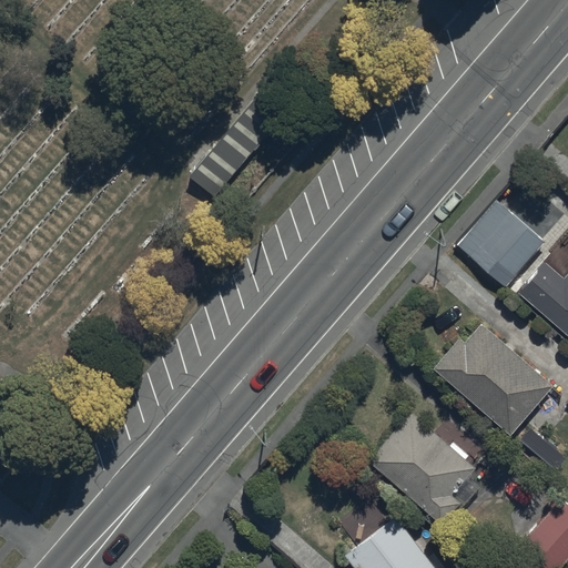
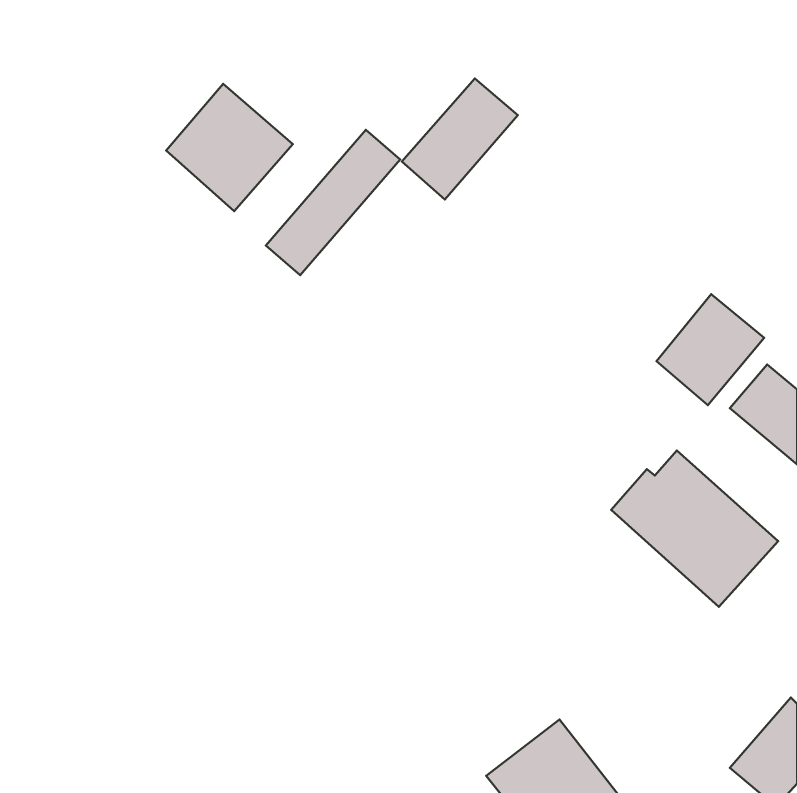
building: none -> [402,78,518,200]
building: none -> [166,84,293,211]
building: [368,410,480,525] -> none

